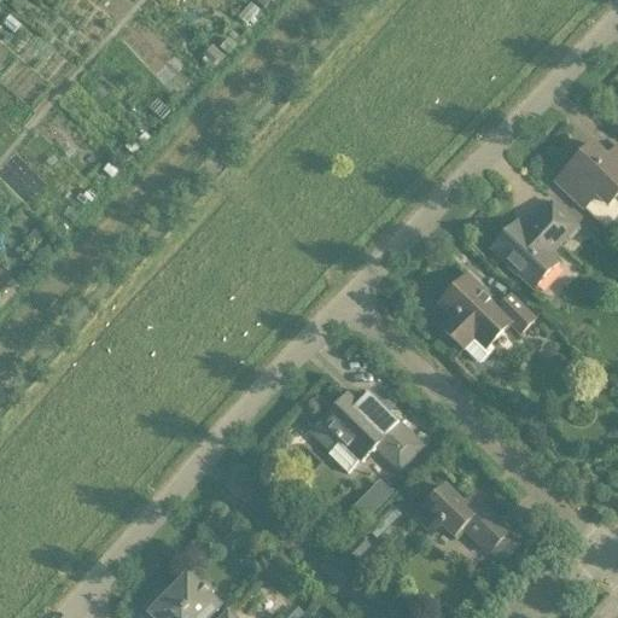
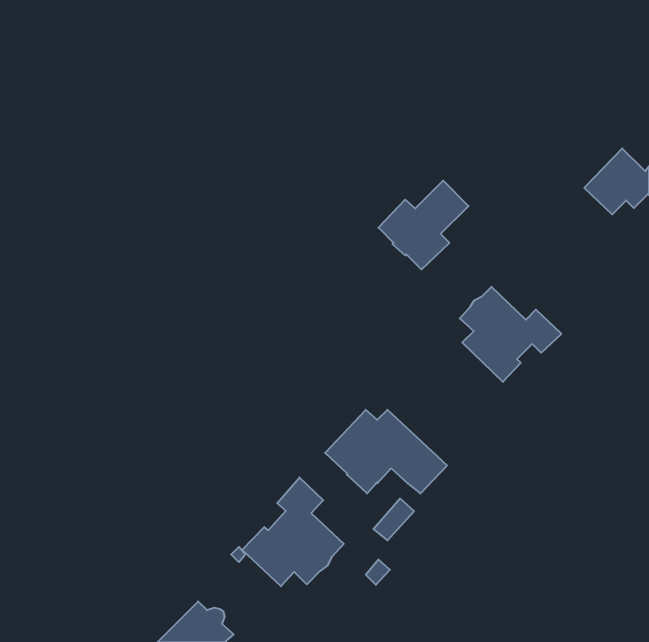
building: [491,202,577,286] -> [378,181,469,269]
building: none -> [242,477,344,586]
building: [412,485,508,553] -> none

